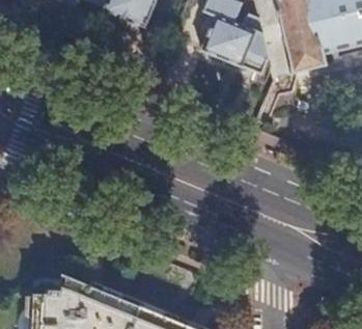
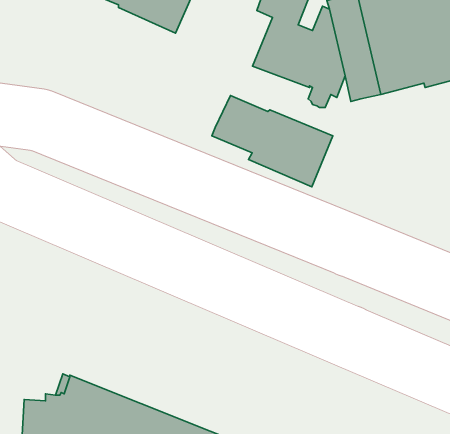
building: none -> [212,95,333,187]

